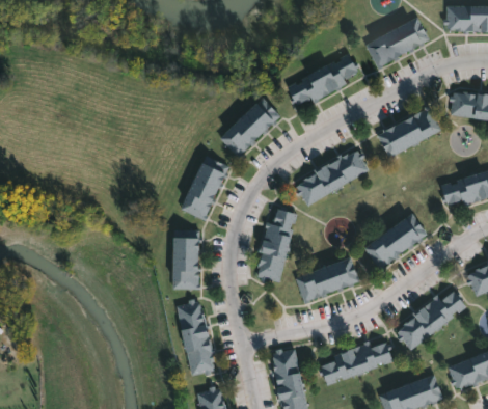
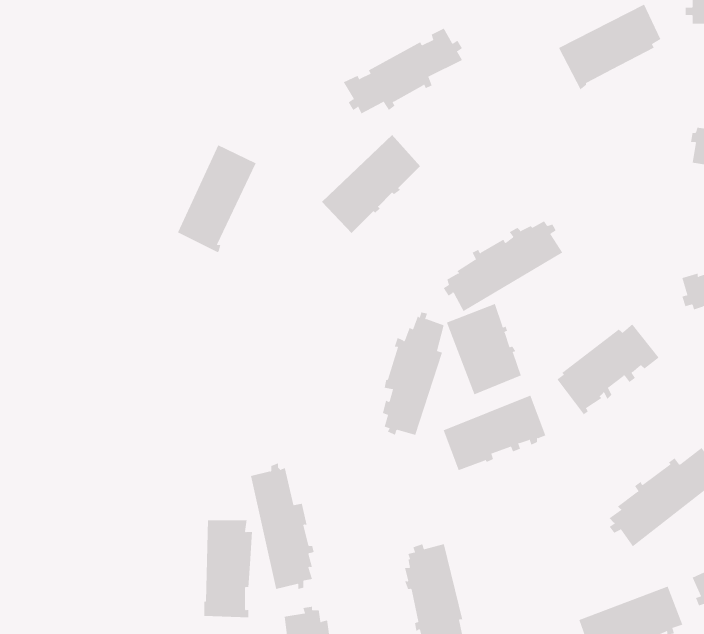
building: [287,53,360,106] -> [343,28,463,114]
building: [377,106,441,158] -> none
building: [181,155,229,221] -> [177,144,257,253]
building: none -> [446,303,522,395]
building: [172,229,202,290] -> [204,520,253,618]
building: [318,340,388,385] -> none

